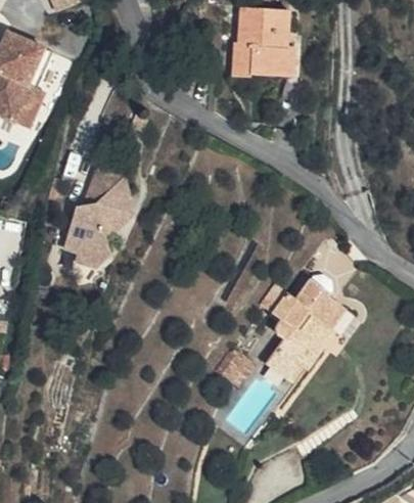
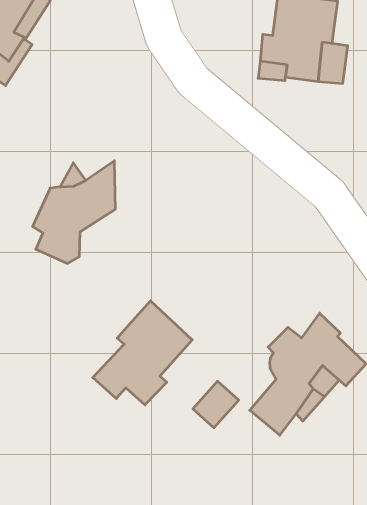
building: none -> [93,301,192,405]

